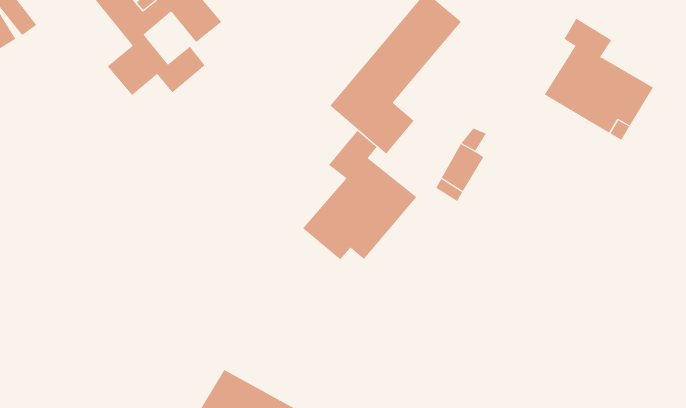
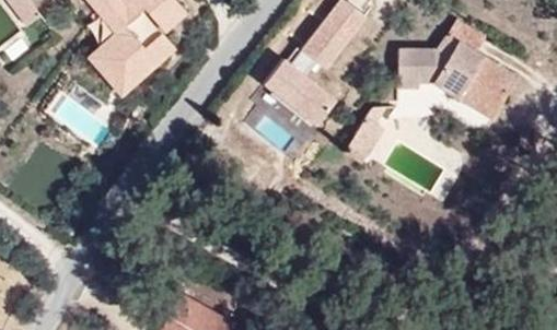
building: none -> [403,34,460,84]
building: none -> [84,56,143,99]
building: [302,130,417,260] -> none

